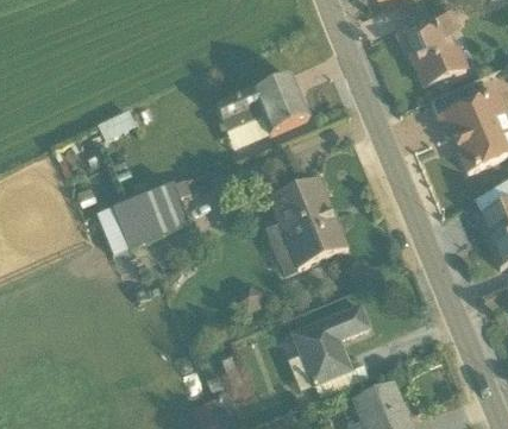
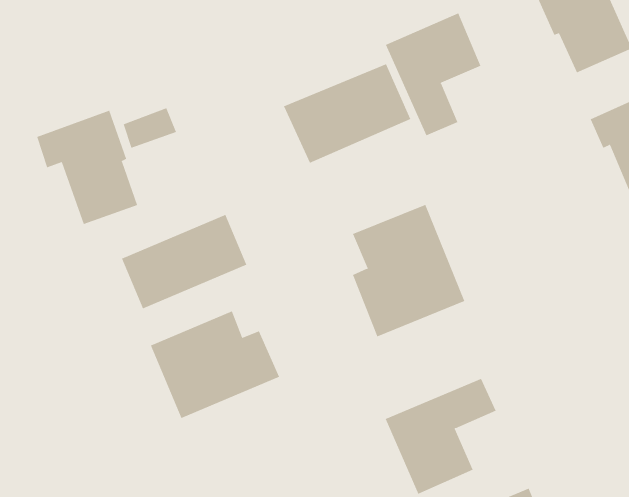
building: none -> [385,13,481,136]
building: none -> [36,110,138,225]
building: none -> [150,310,280,419]

